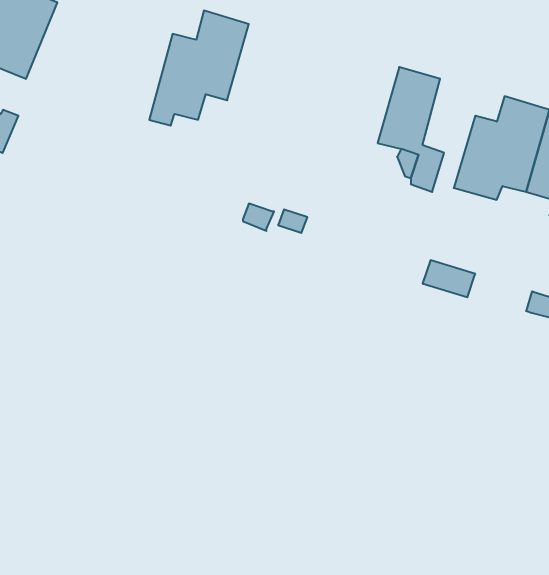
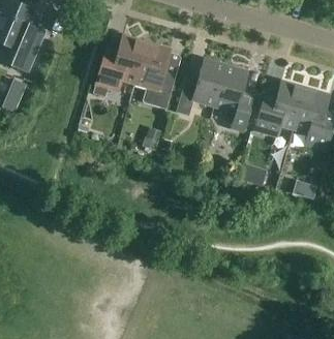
building: none -> [135,41,177,107]
building: none -> [177,58,226,114]

